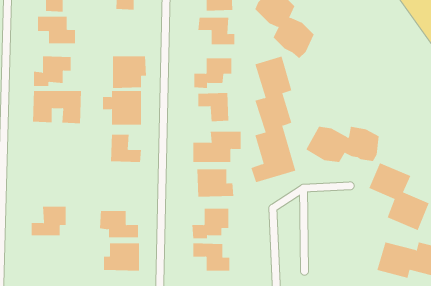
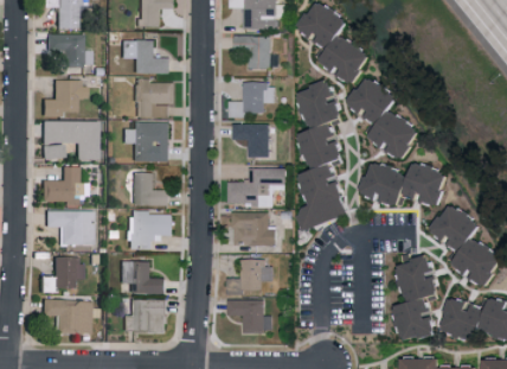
building: none -> [120,39,169,74]
building: none -> [348,75,421,159]
building: none -> [40,166,81,205]
building: none -> [45,210,92,244]
building: none -> [129,212,173,249]
building: none -> [396,256,441,341]
building: none -> [41,299,90,332]

